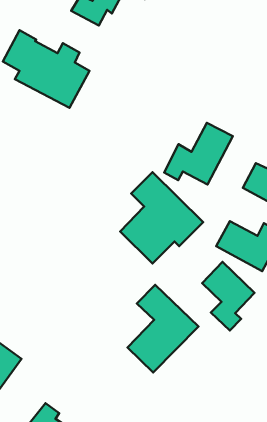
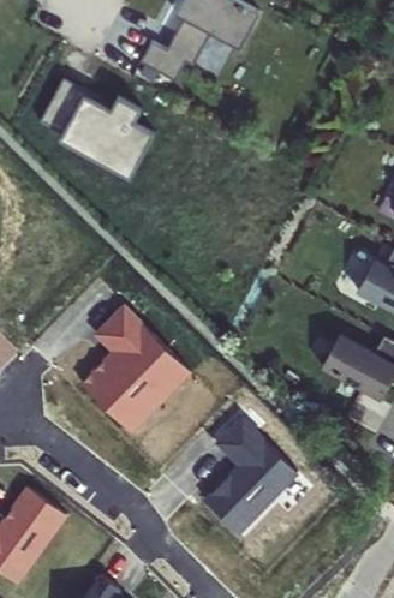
building: [164,123,233,184] -> none
building: [120,172,203,264] -> [83,306,191,425]
building: [202,262,255,330] -> none

